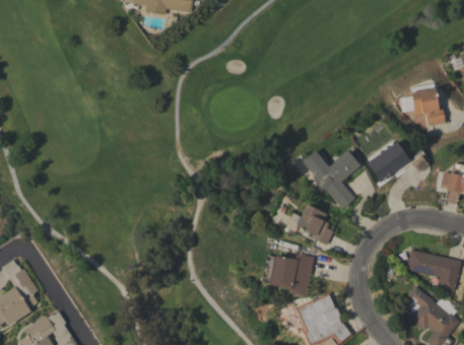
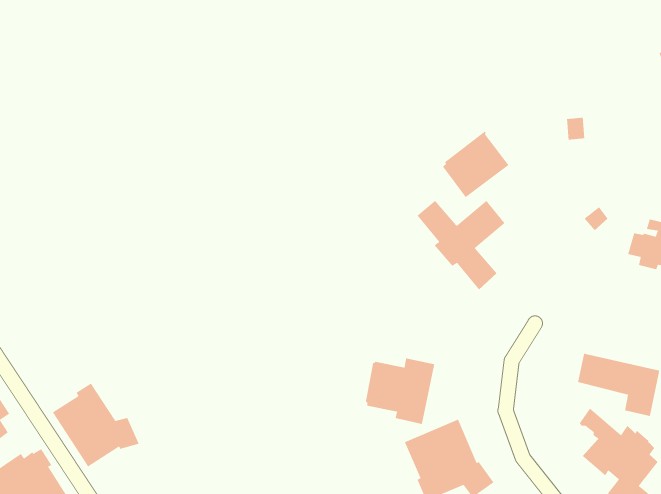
building: [411,84,446,126] -> none
building: [366,141,409,185] -> [442,131,509,198]
building: [294,205,333,246] -> none
building: none -> [52,382,140,468]

